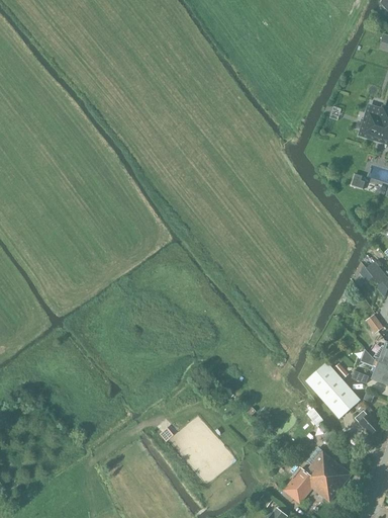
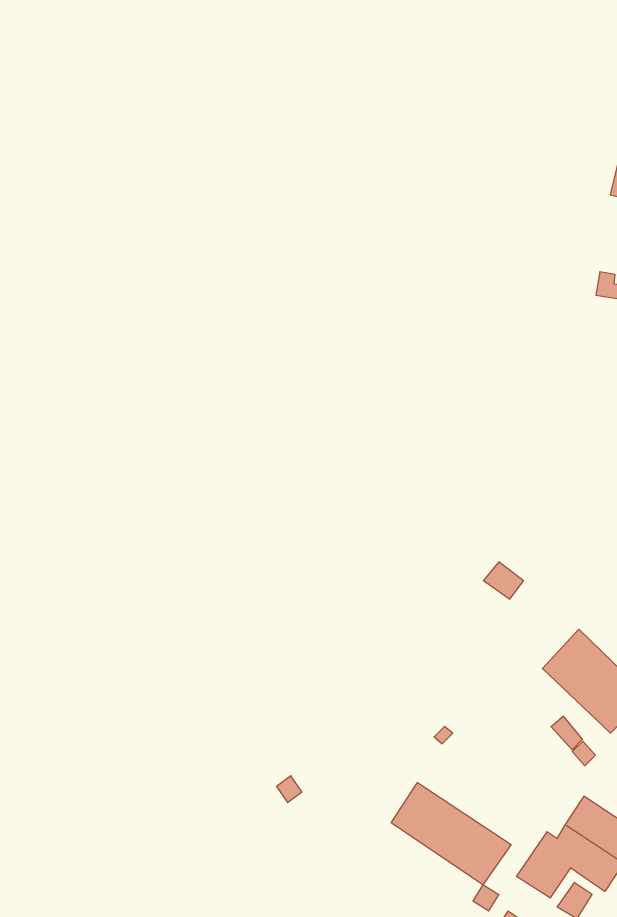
building: none -> [391,783,511,885]

